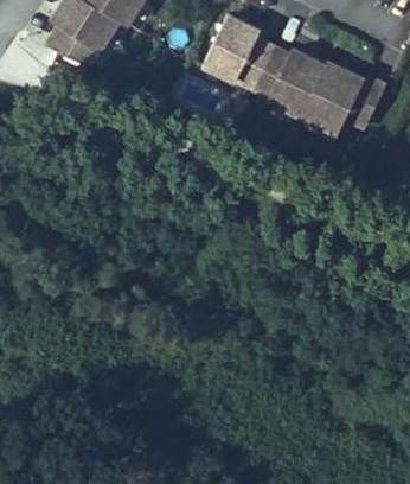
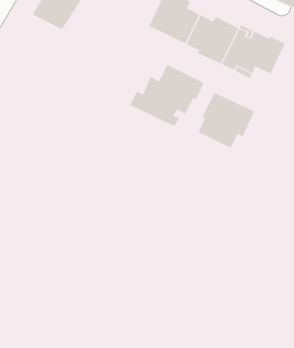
building: none -> [129,64,205,127]
building: none -> [198,92,255,148]

